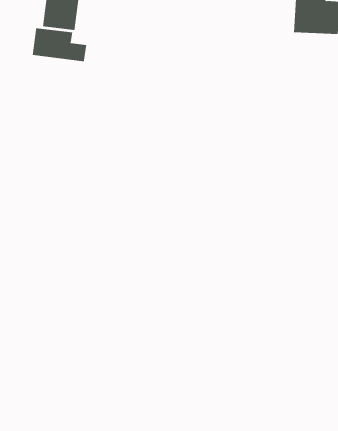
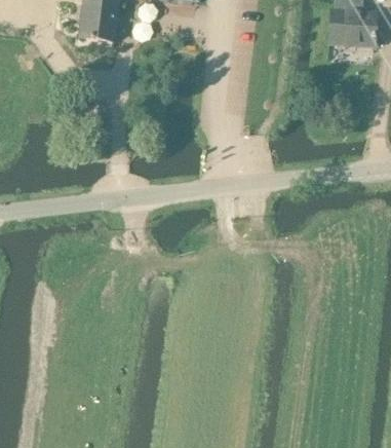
building: [32,27,87,62] -> none

